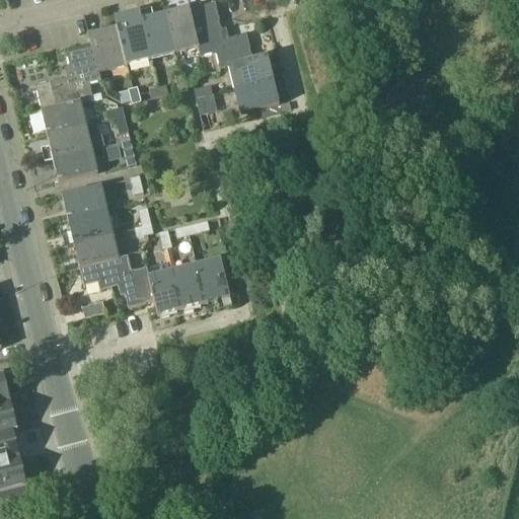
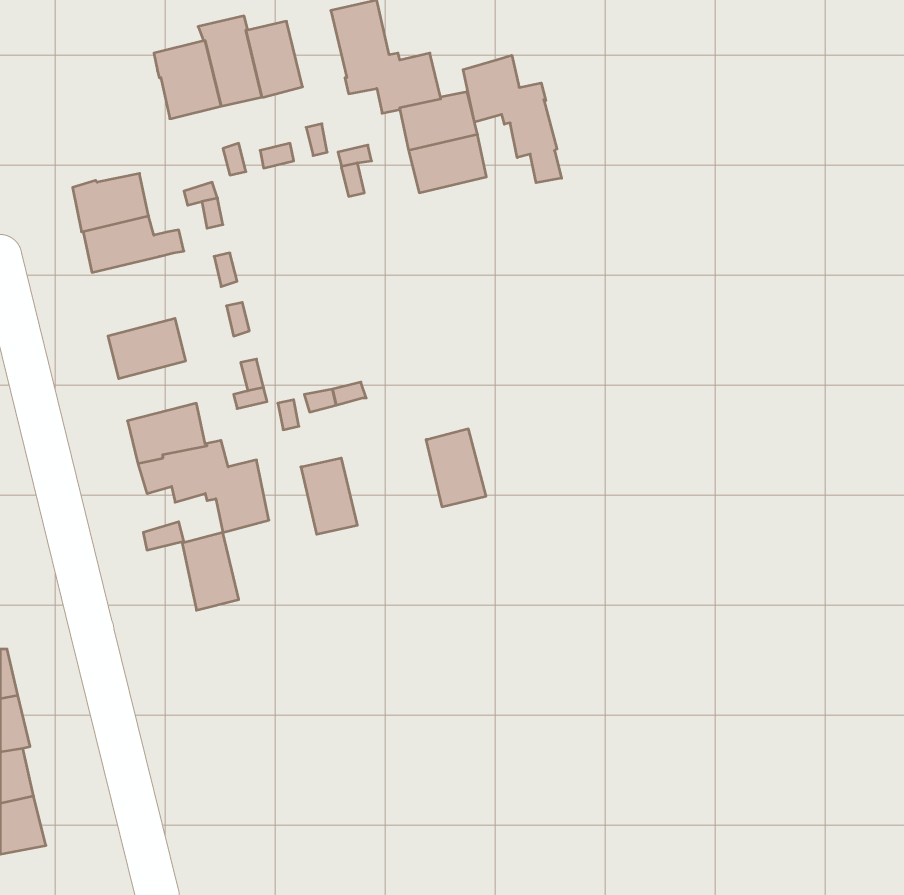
building: [164,6,199,50] -> none
building: none -> [463,55,562,183]
building: [35,45,102,107] -> none
building: [53,147,97,180] -> none
building: [68,207,113,241] -> none
building: [196,256,230,301] -> [426,429,486,507]
building: [149,268,181,312] -> [182,532,239,610]

